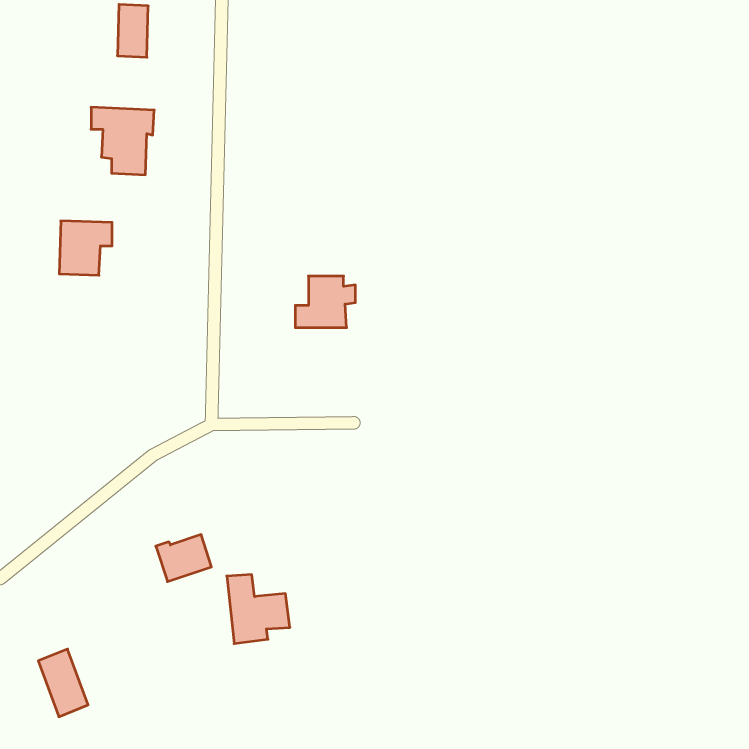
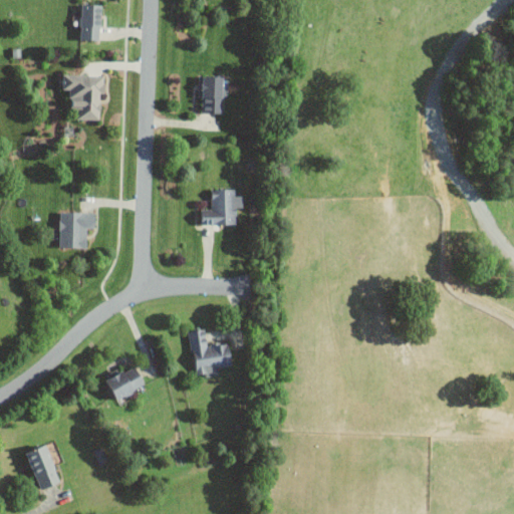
building: none -> [202,76,225,113]
building: [59,221,112,275] -> [60,212,96,249]
building: [227,575,290,644] -> [190,330,233,377]

